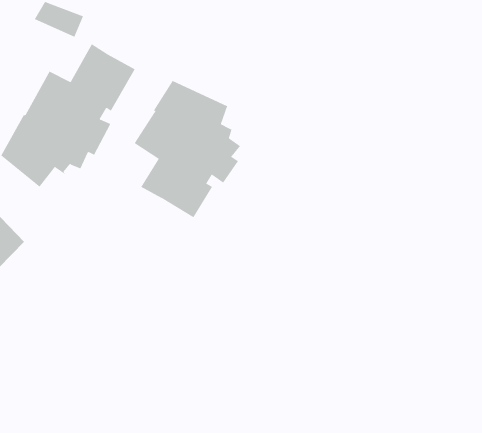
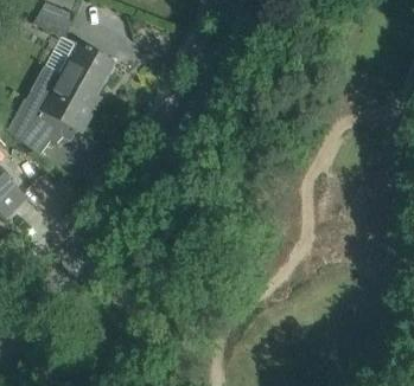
building: [134,80,241,218] -> none

